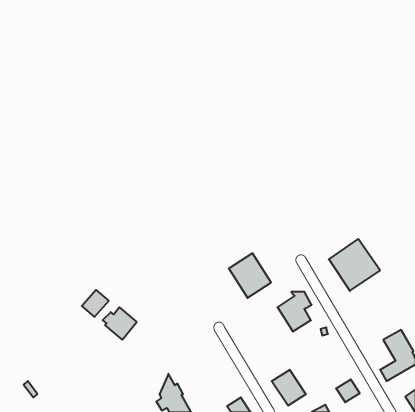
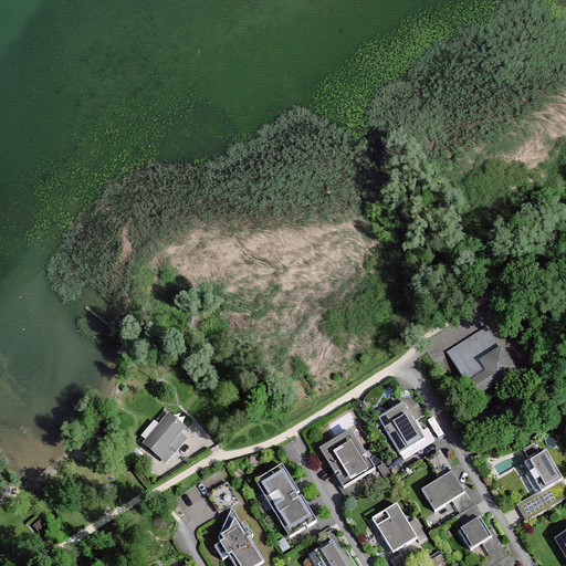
building: [229,253,271,298] -> [317,428,375,489]
building: [82,290,109,317] -> none
building: none -> [254,464,315,537]
building: none -> [420,470,462,510]

